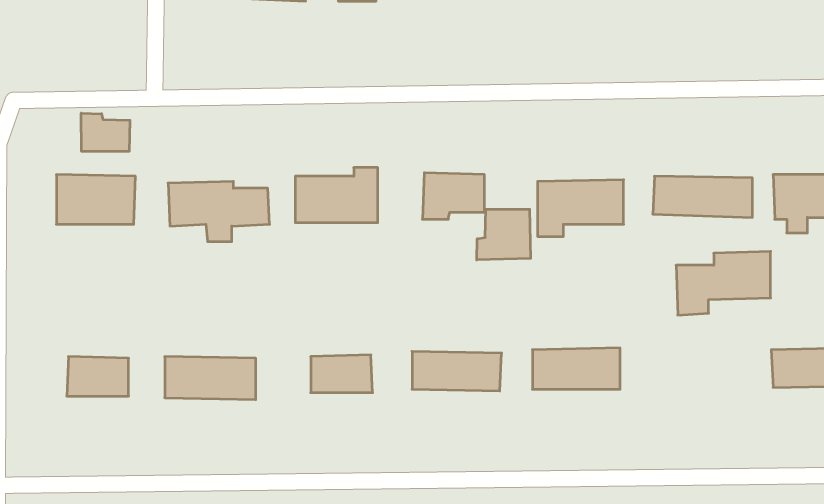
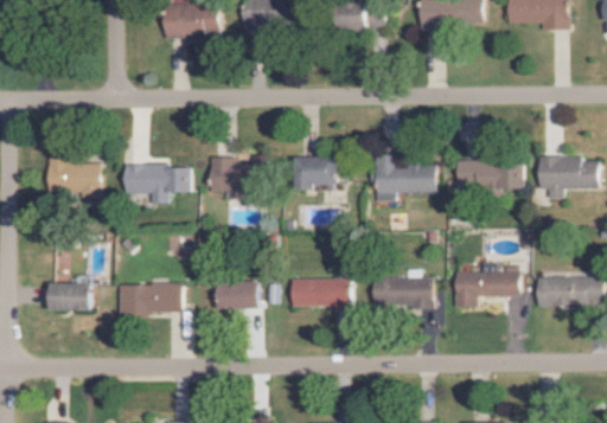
building: [81,113,130,151] -> none
building: [477,209,531,260] -> none
building: [676,251,771,315] -> [454,263,519,307]

